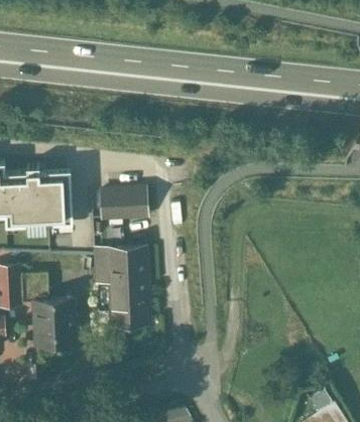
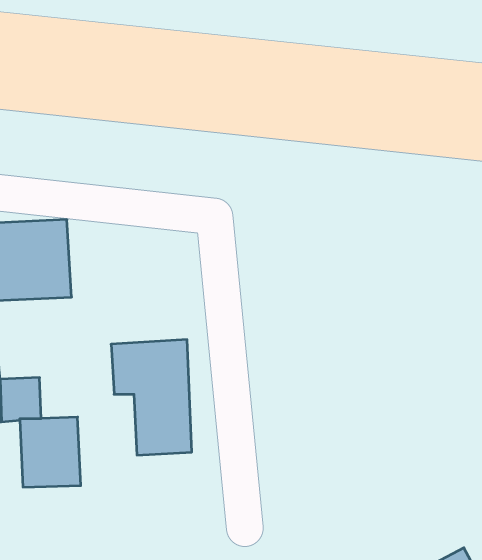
building: [100,189,146,221] -> none

